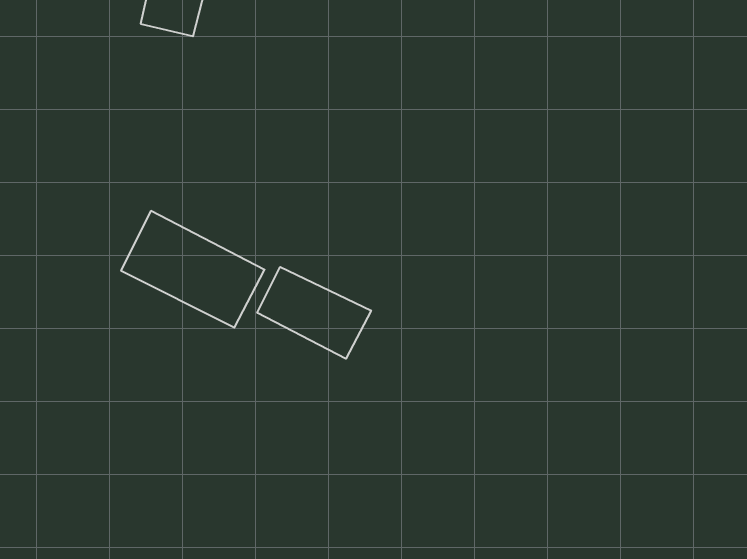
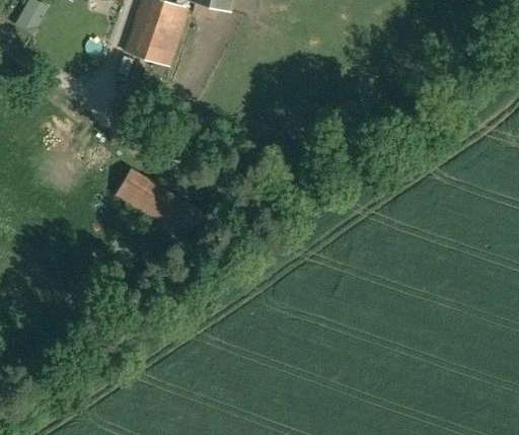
building: [257,267,371,359] -> none

